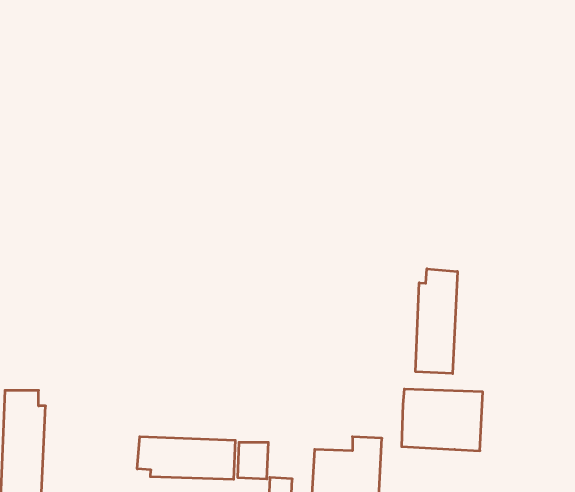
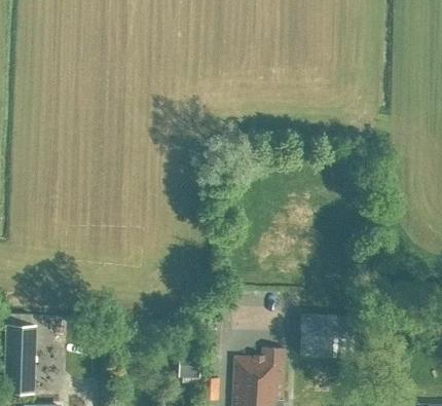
building: [416,269,457,374] -> none
building: [137,437,235,479] -> none

